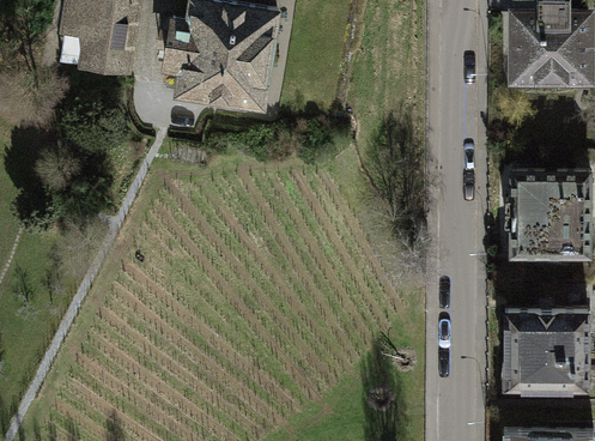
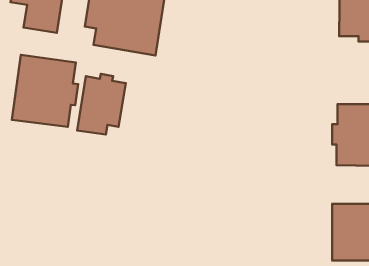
building: none -> [12,55,78,127]
building: none -> [77,74,126,135]

